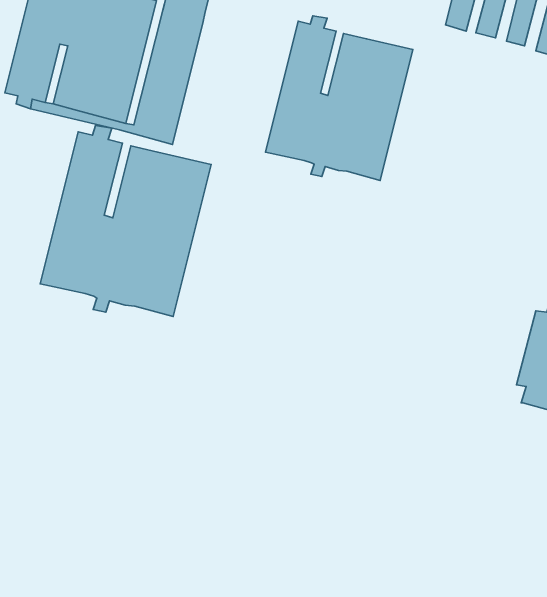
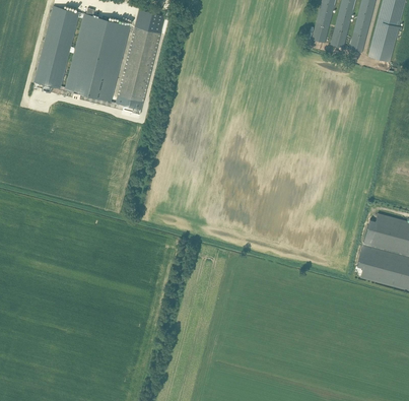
building: [265,16,413,180] -> none
building: [40,125,211,317] -> none

